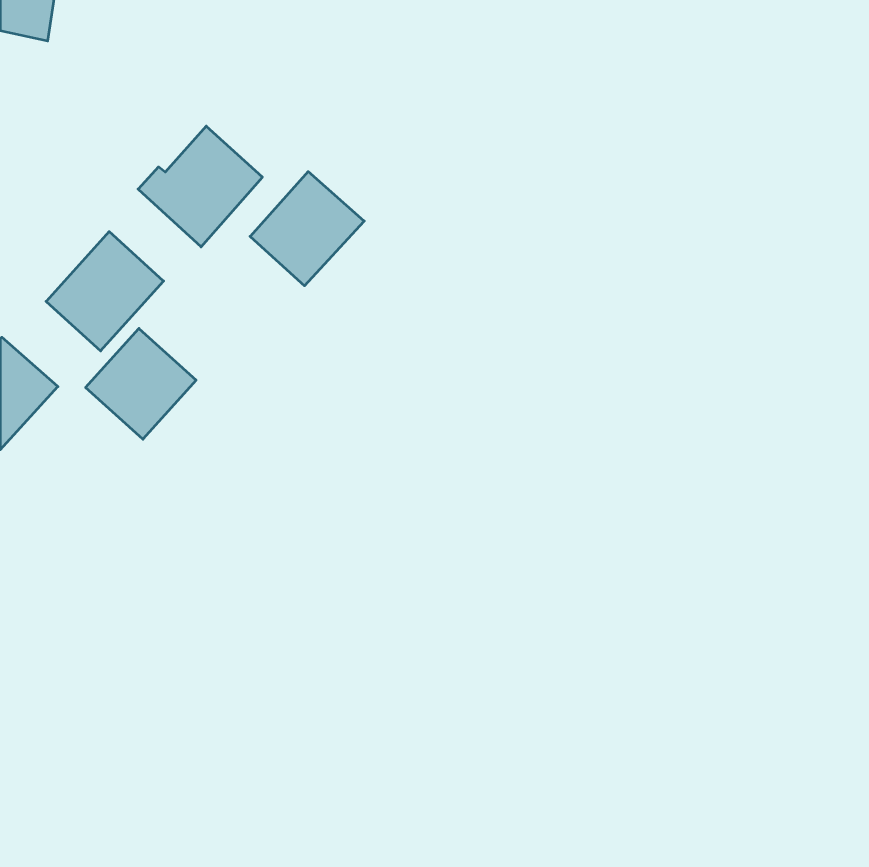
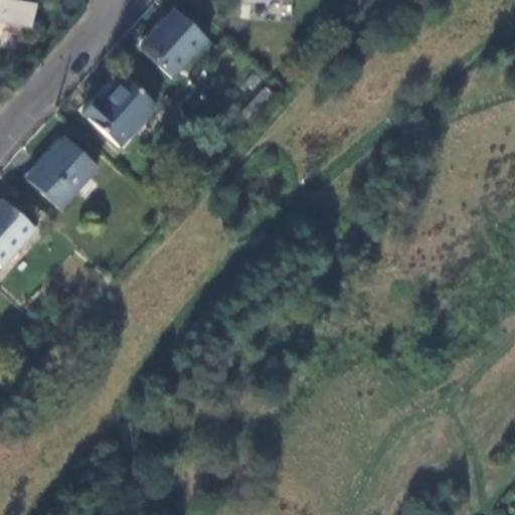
building: [250,172,364,286] -> [140,10,207,77]
building: [86,328,196,439] -> none

